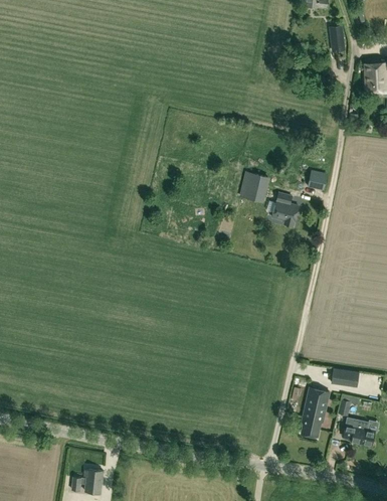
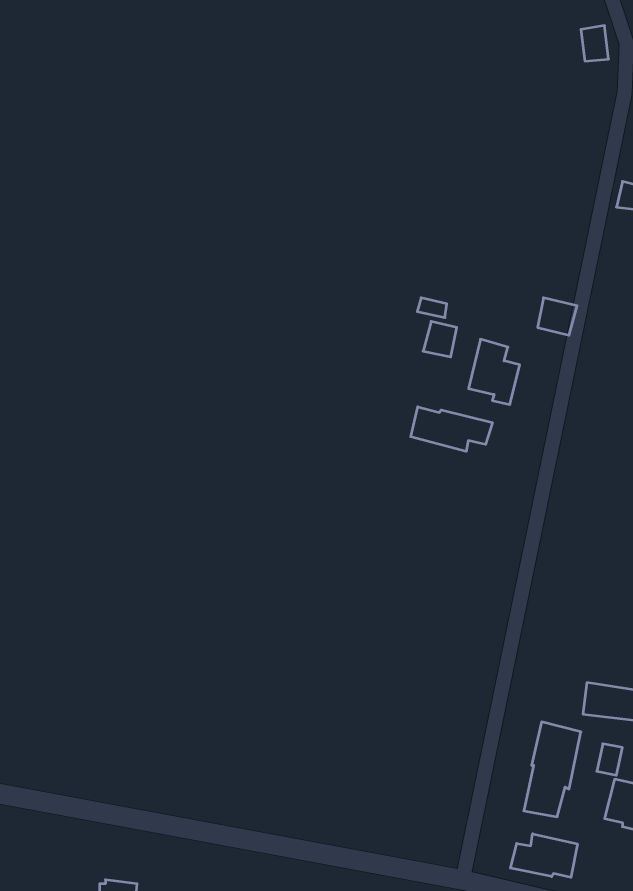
building: none -> [411,407,492,451]
building: none -> [510,834,577,877]

